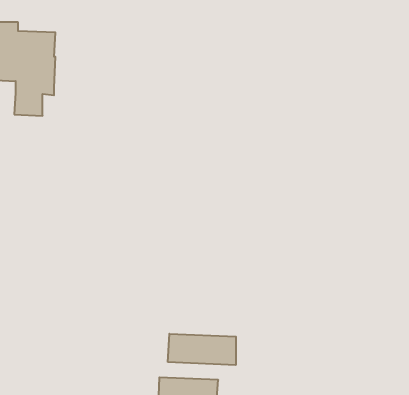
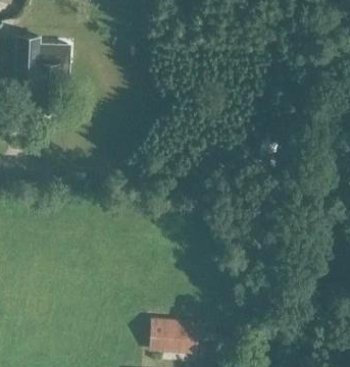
building: [168,334,236,365] -> none

